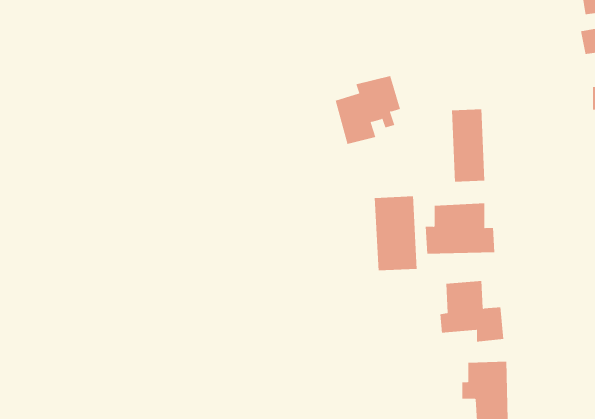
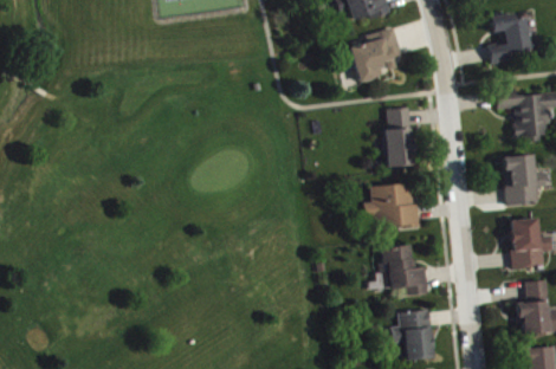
building: [335,75,401,144] -> [349,27,402,83]
building: [374,196,417,271] -> none

